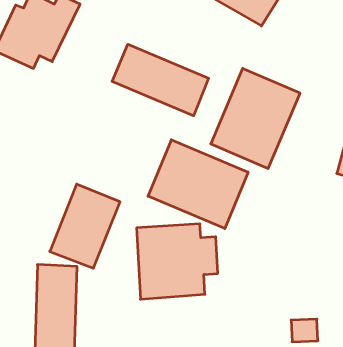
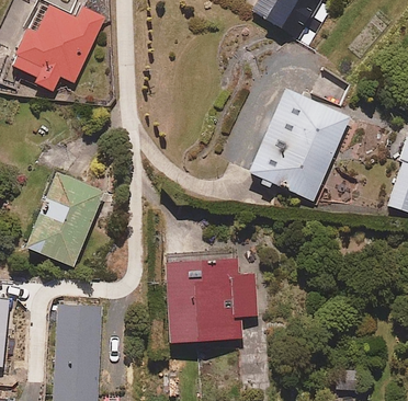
building: [112,44,209,116] -> none
building: [148,140,248,229] -> none
building: [50,184,120,268] -> [25,172,103,265]

